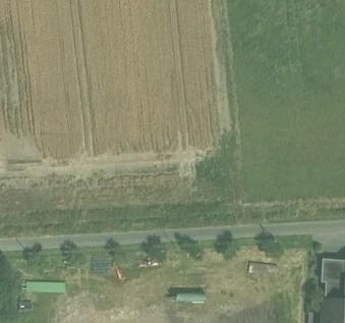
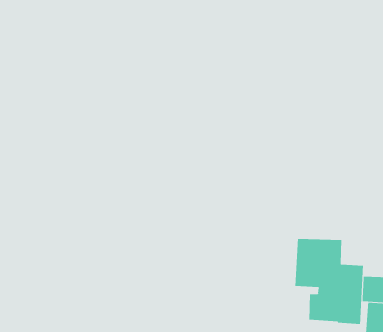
building: none -> [295,238,363,325]

